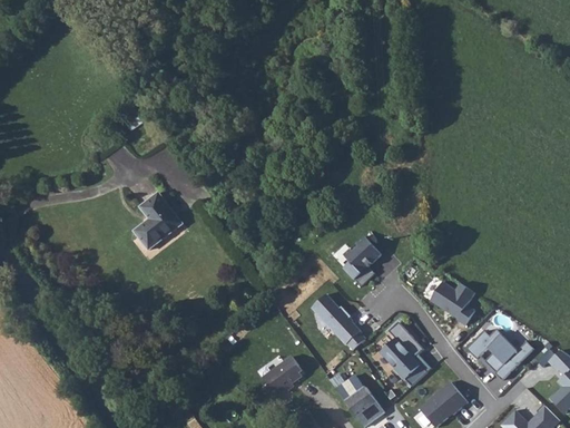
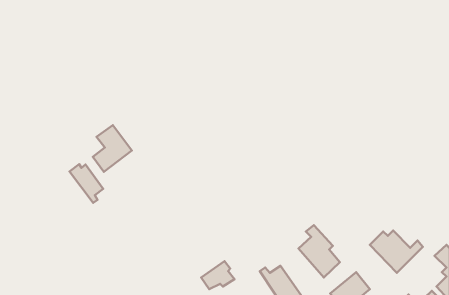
building: [343,234,382,284] -> none
building: none -> [70,164,103,203]
building: [430,280,475,322] -> none
building: [311,292,367,349] -> none

